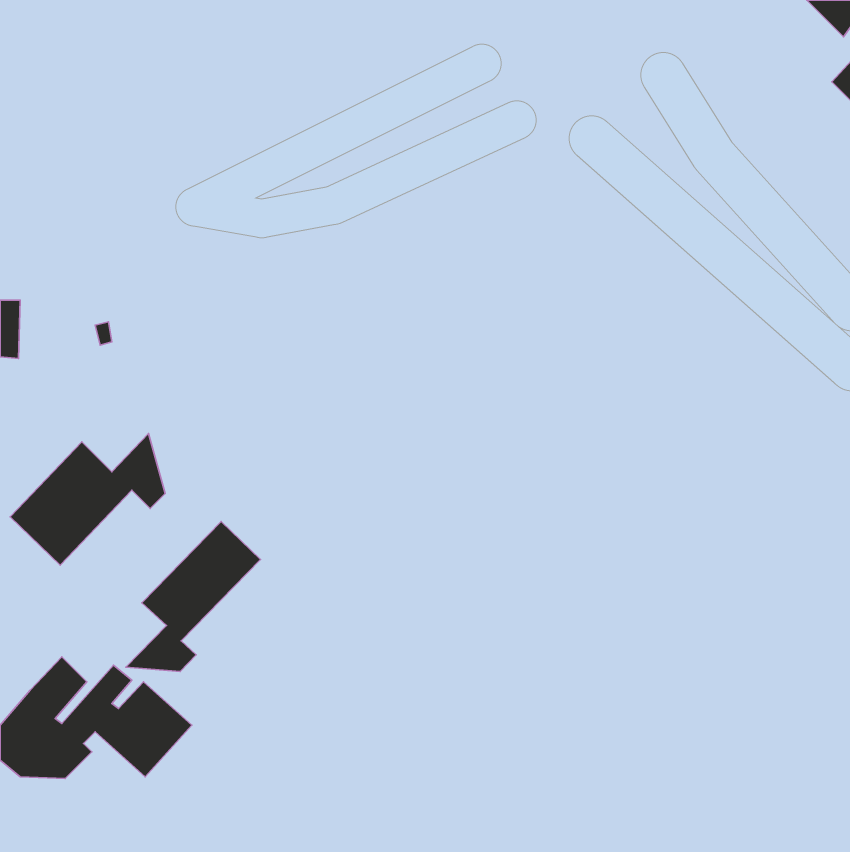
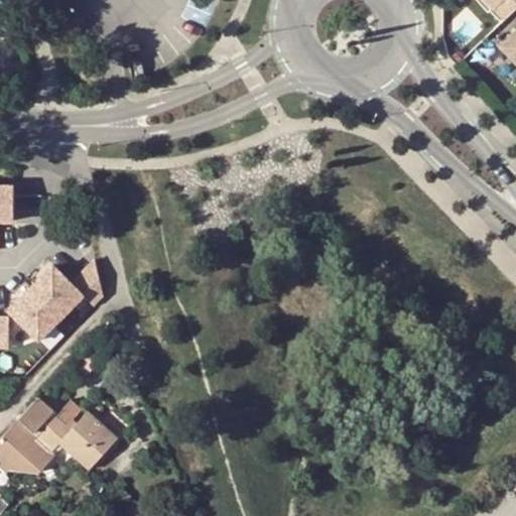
building: [126,521,260,672] -> none

